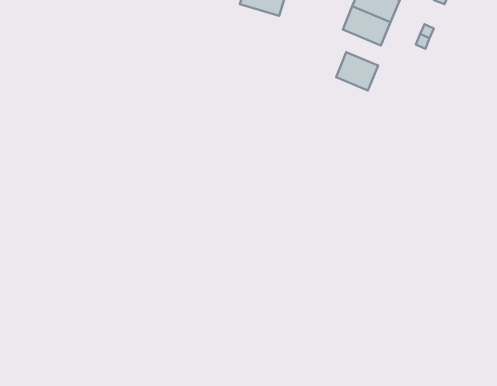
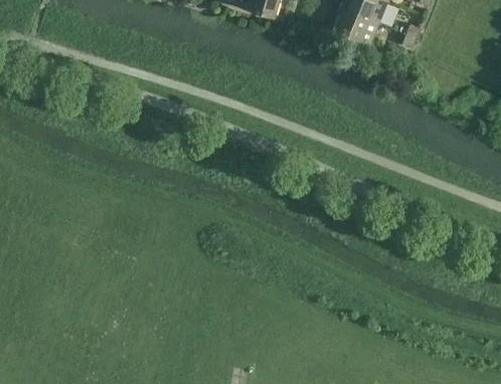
building: [336,52,378,90] -> none

